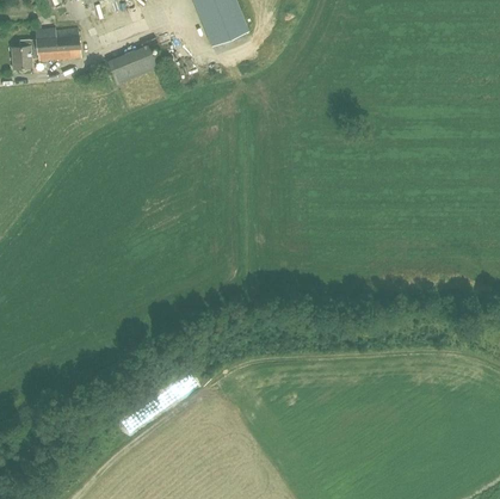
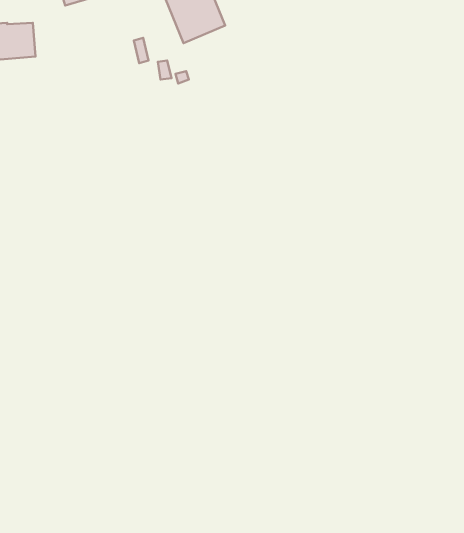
building: [106,44,162,85] -> none

